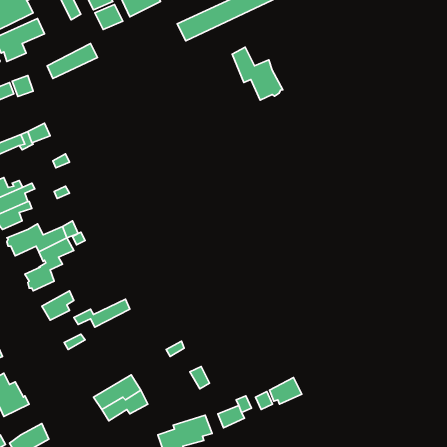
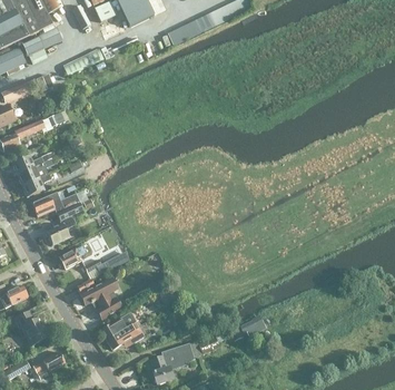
building: [232,47,283,100] -> none
building: none -> [80,277,121,318]

